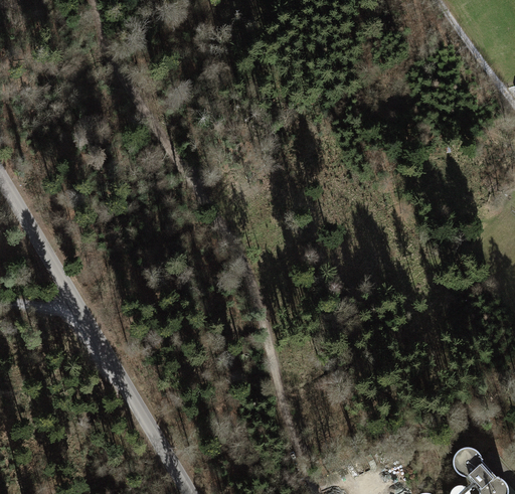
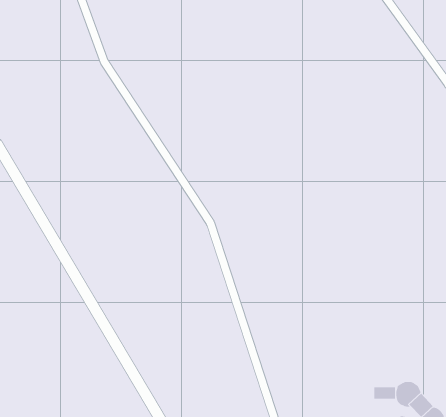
building: none -> [374,387,395,400]

